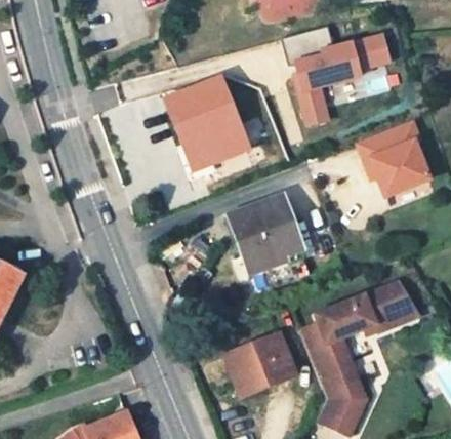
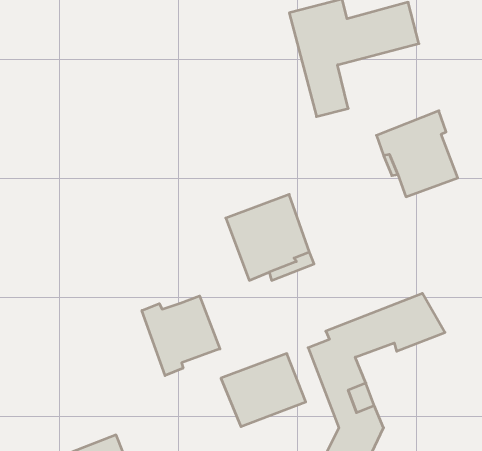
building: [167,77,249,171] -> none
building: none -> [142,296,220,376]

